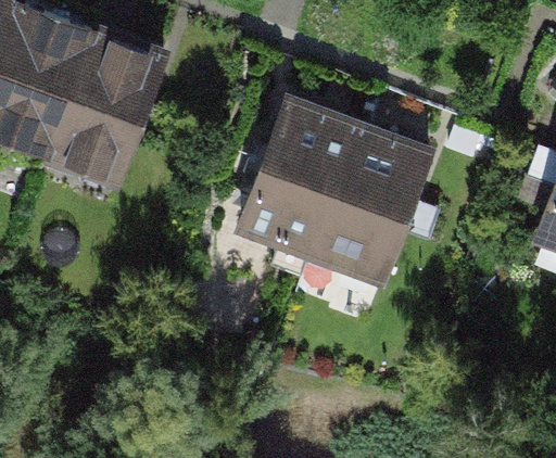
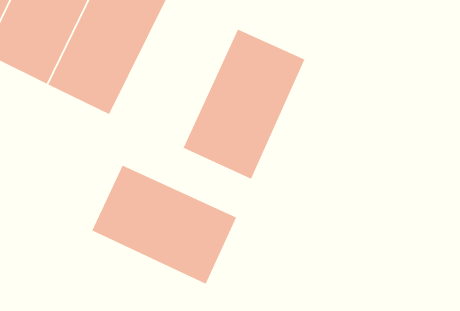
building: [303,117,434,288] -> none
building: none -> [91,164,237,285]

